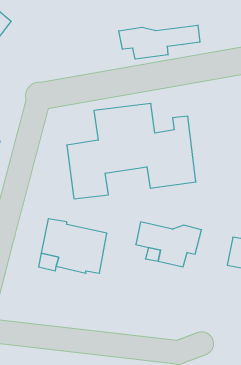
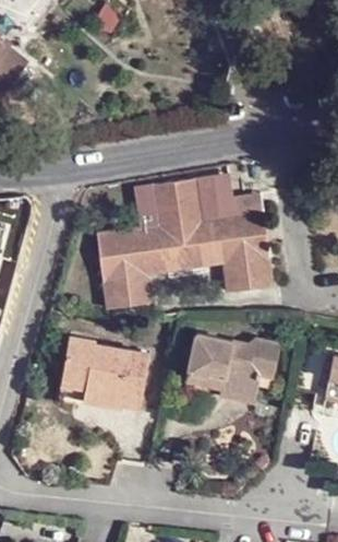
building: [119,25,200,59] -> none

